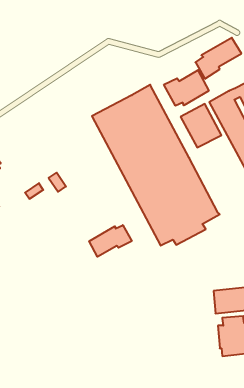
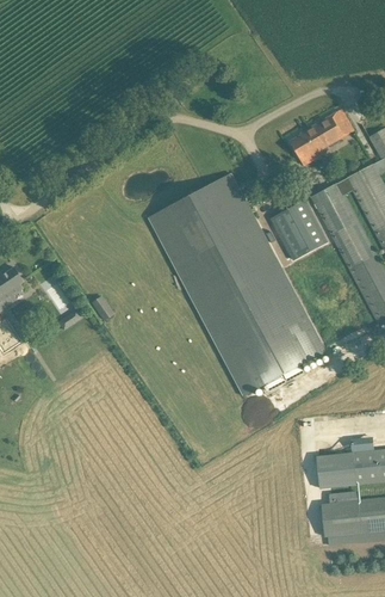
building: [164,70,209,106] -> none
building: [89,225,132,257] -> none

